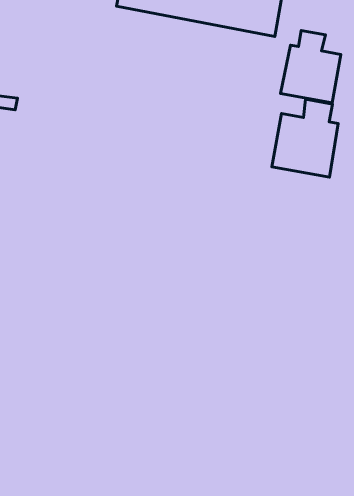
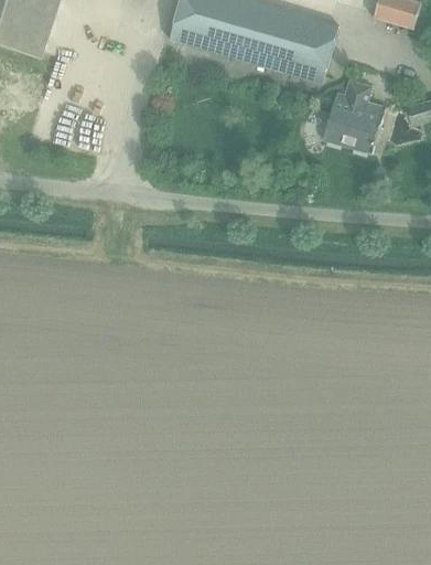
building: [272,99,338,177] -> none

